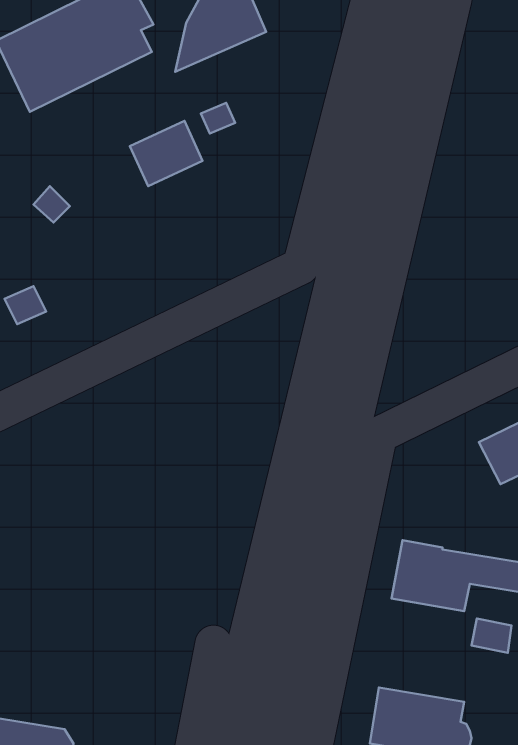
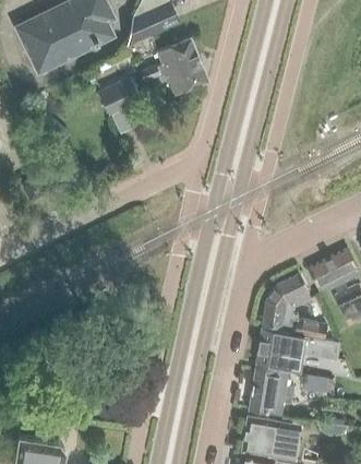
building: none -> [157,39,207,97]
building: none -> [262,275,326,342]
building: none -> [249,369,293,417]

